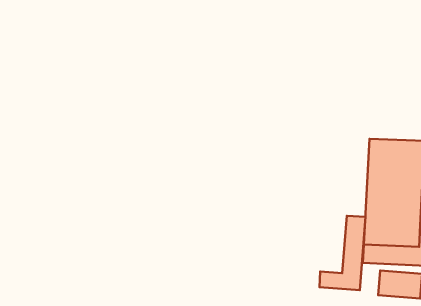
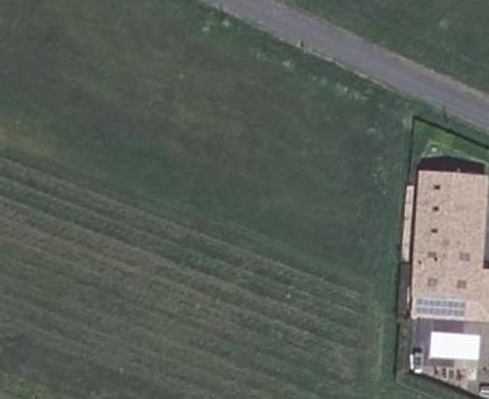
building: [319,216,365,290] -> none

